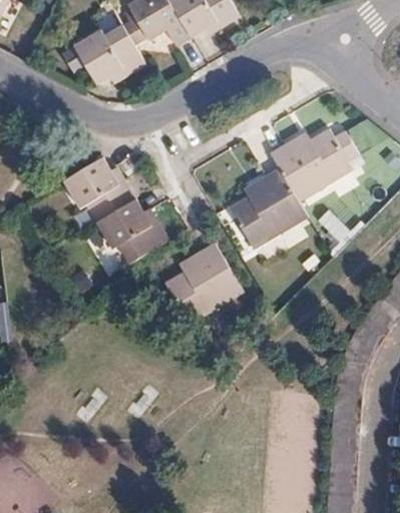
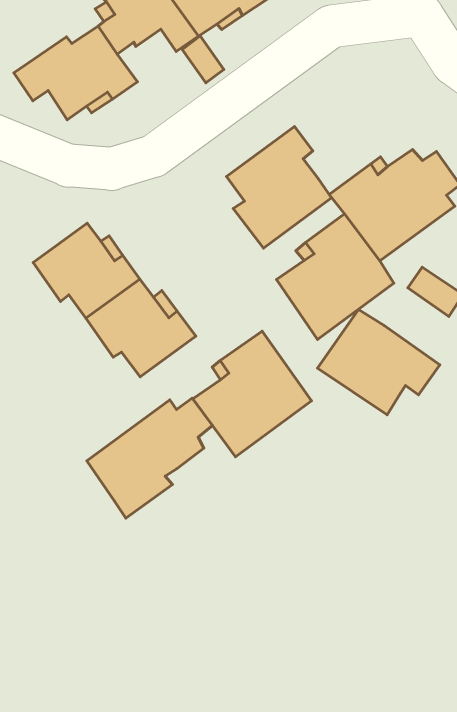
building: none -> [226,126,332,248]
building: none -> [317,309,440,415]
building: none -> [87,398,212,518]

